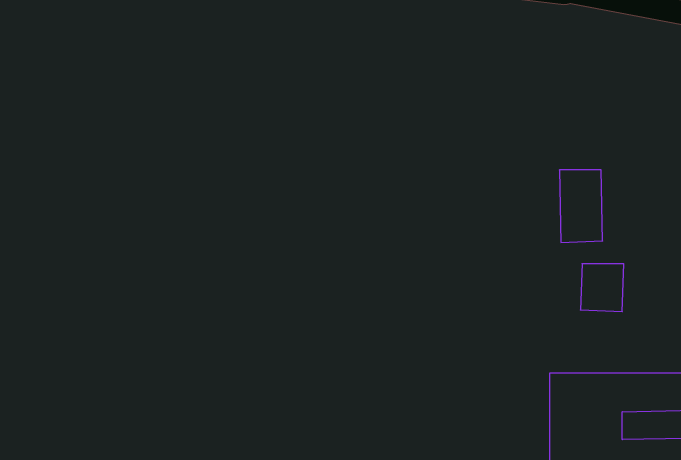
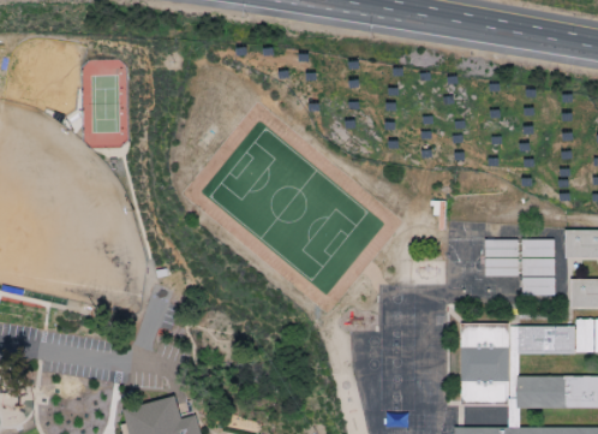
building: [559,170,603,242] -> [521,240,555,297]

